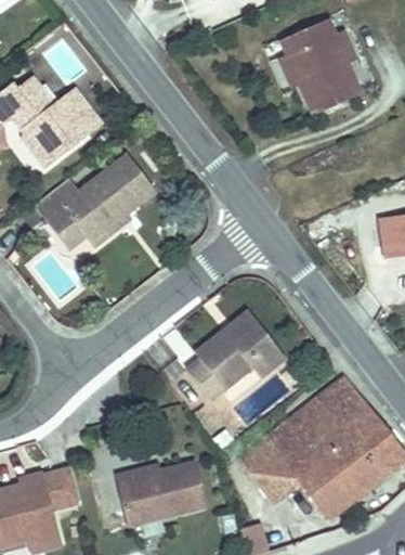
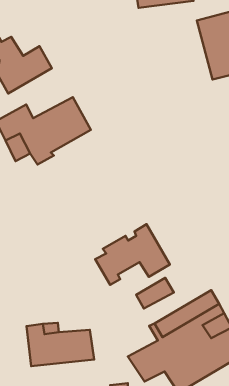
building: [239,442,288,487] -> [136,278,174,309]

